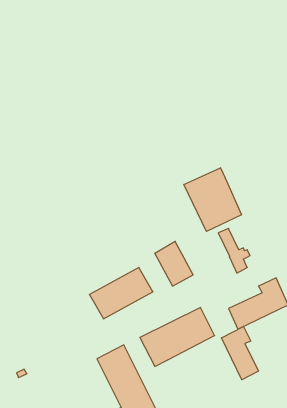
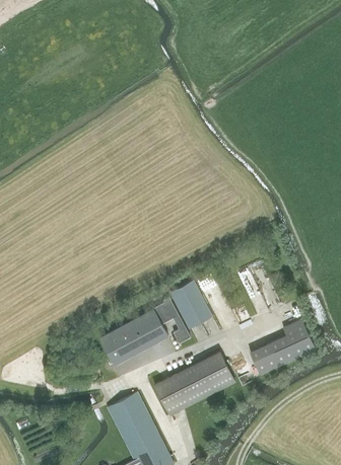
building: [184,168,241,231] -> none
building: none -> [152,298,190,342]
building: [221,326,259,380] -> none

